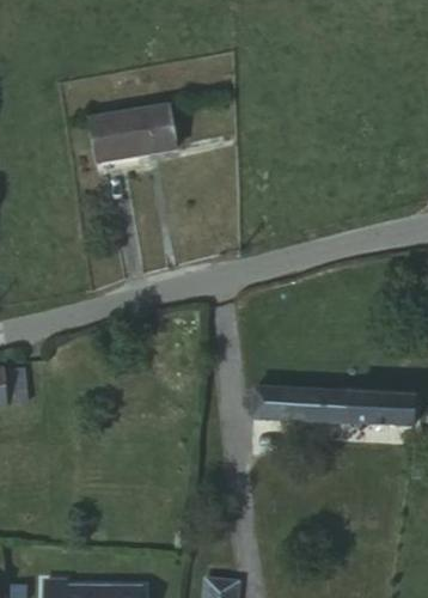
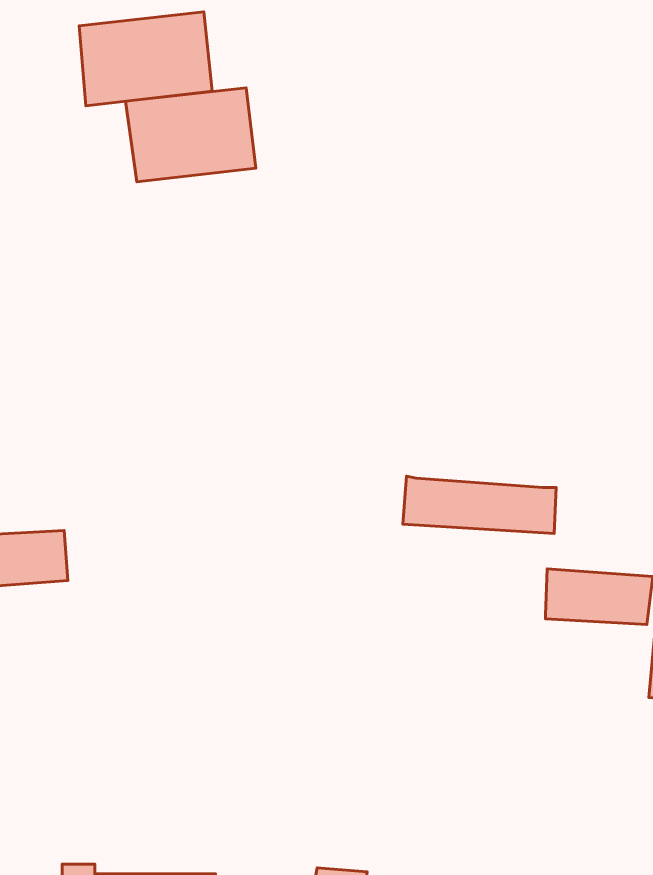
building: none -> [79,12,212,106]
building: [250,389,346,425] -> [403,476,556,534]

